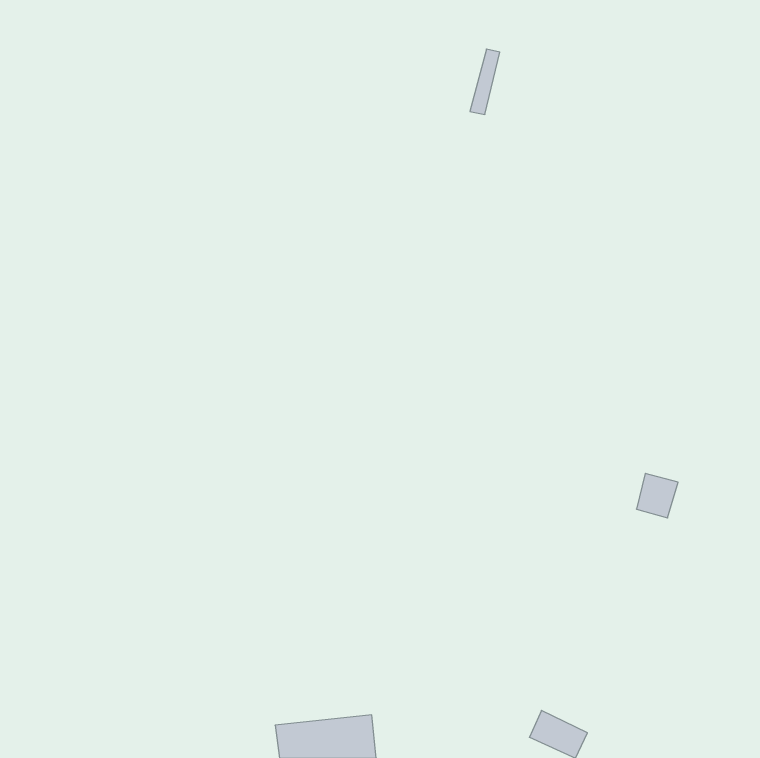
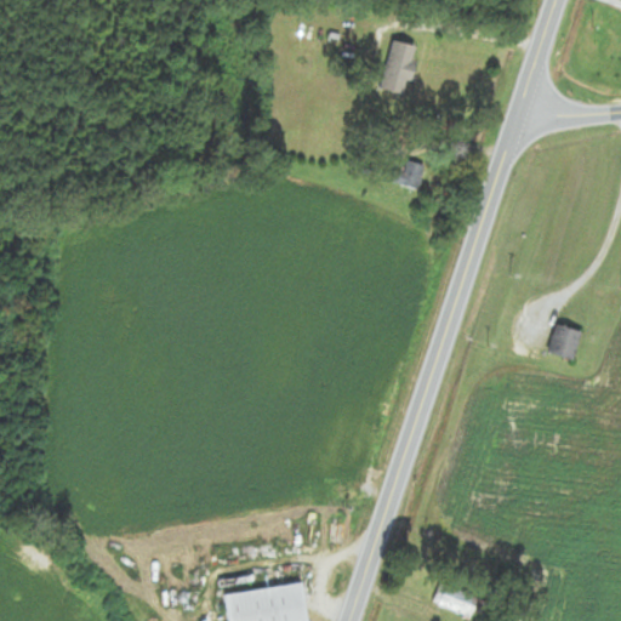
building: none -> [392,160,426,190]
building: [636,473,678,518] -> [548,325,582,361]

